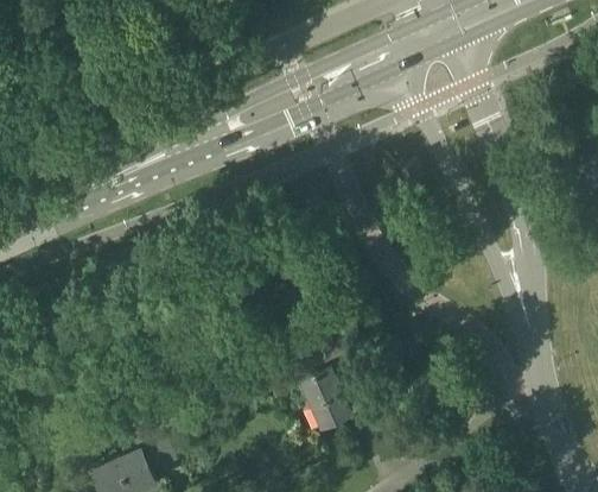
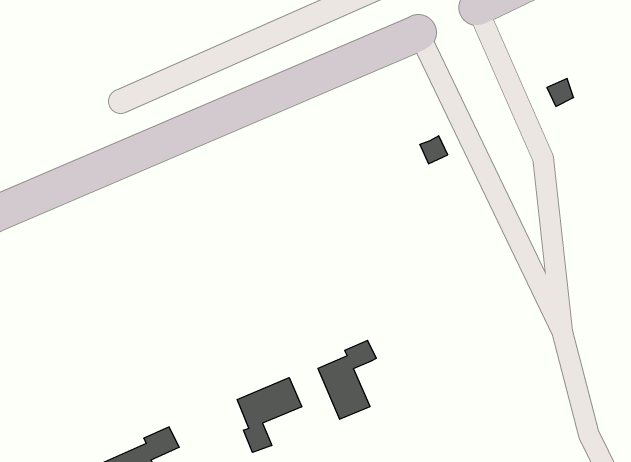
building: none -> [237,378,302,452]

